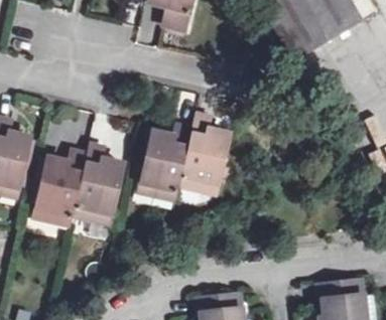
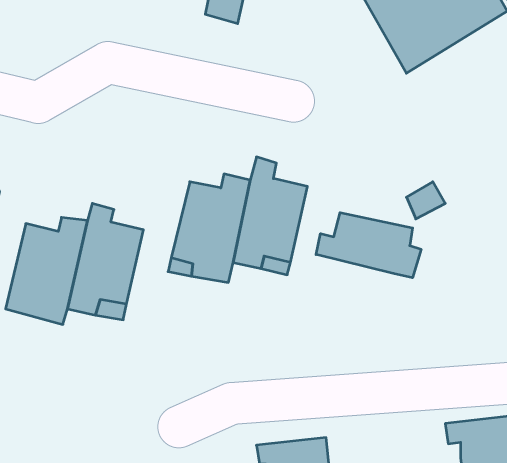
building: none -> [316,213,421,278]

